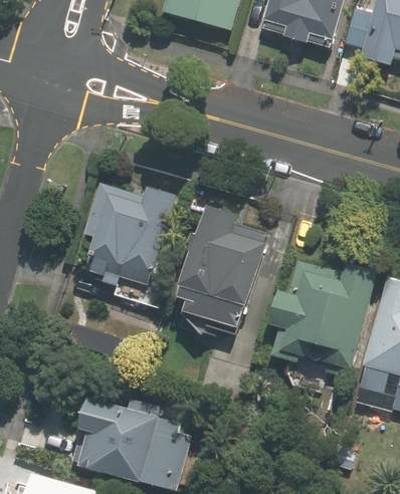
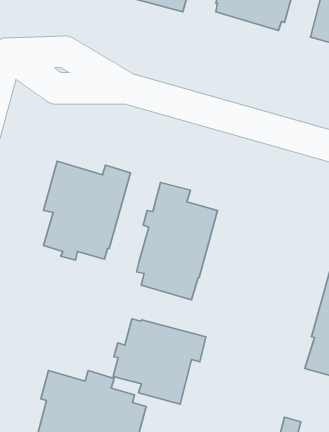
building: [270,261,376,379] -> none
building: none -> [113,319,206,404]

